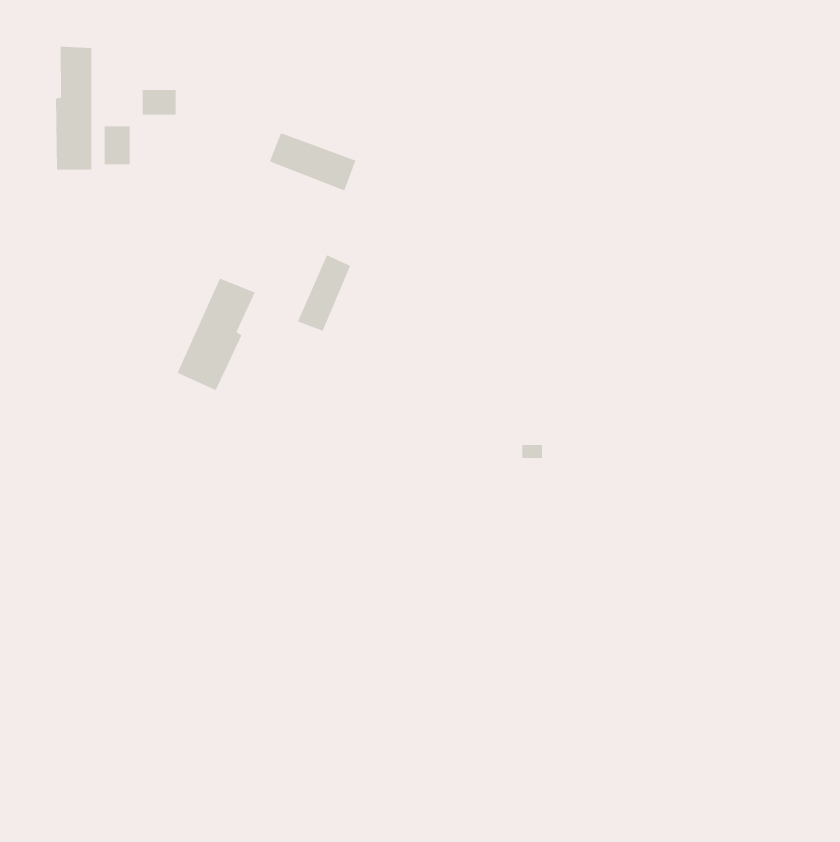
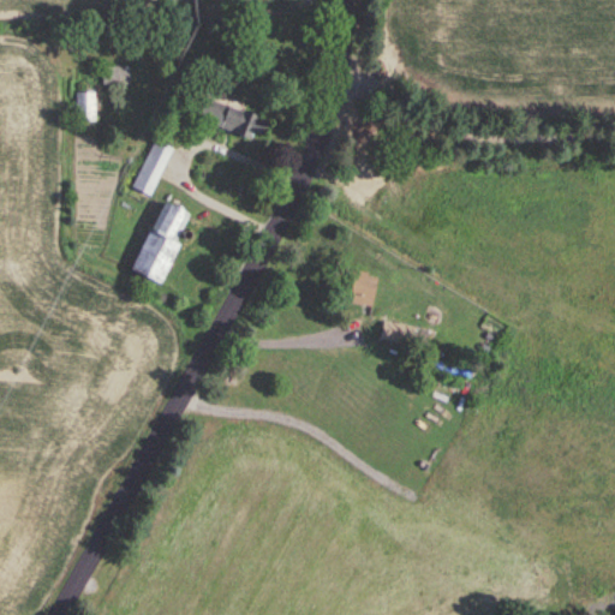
building: [55,46,92,170] -> none
building: [297,254,351,332] -> [133,139,173,196]

